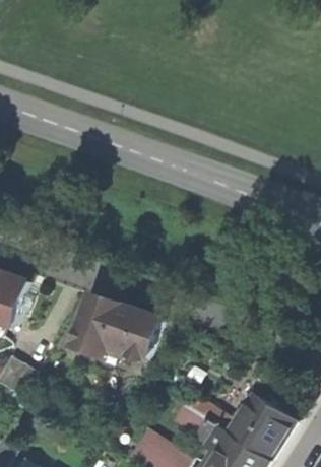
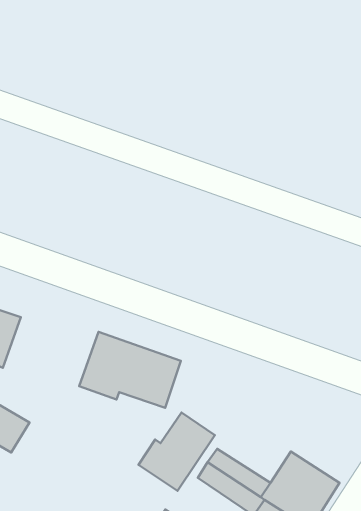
building: none -> [138,412,215,491]

